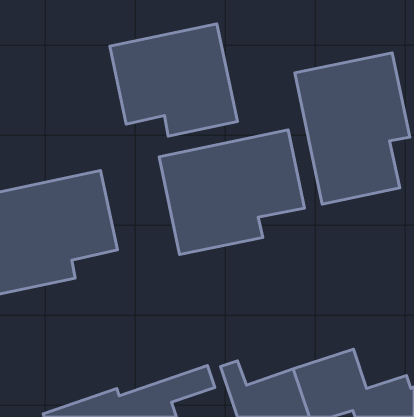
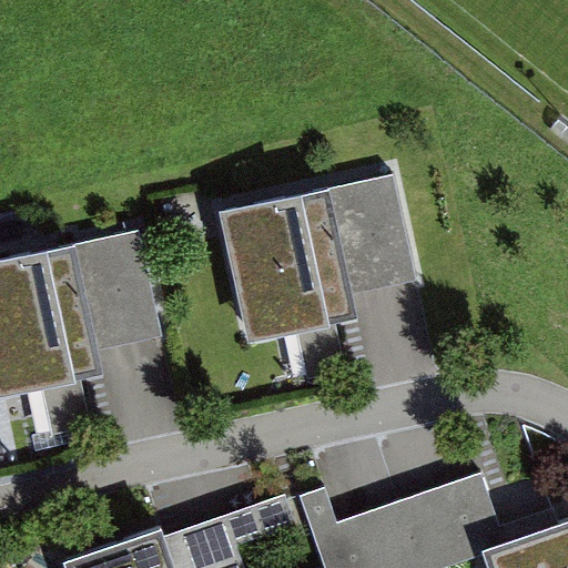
building: [110,24,237,136] -> none
building: [295,53,410,204] -> none

